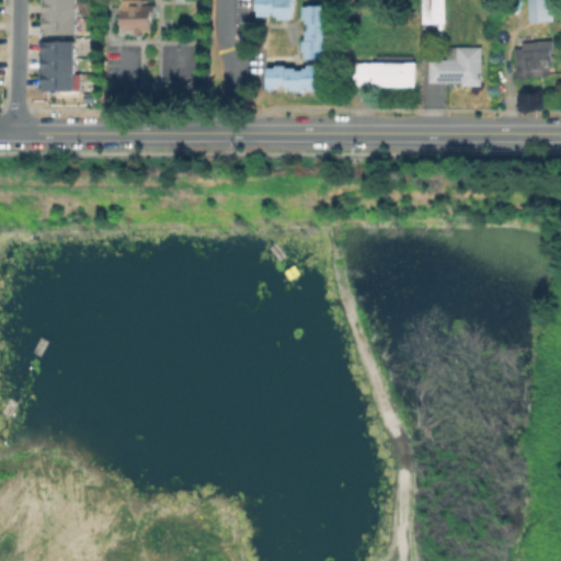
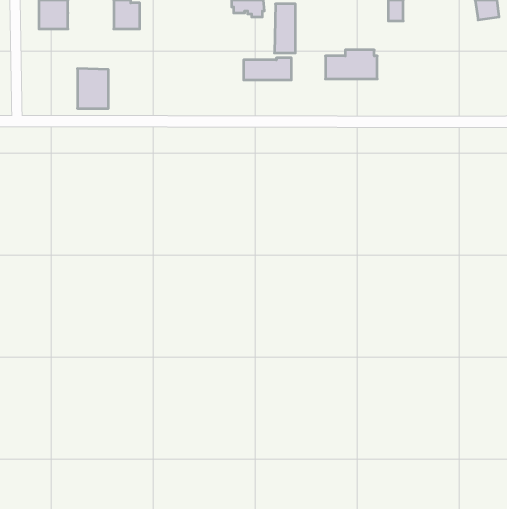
building: [512,39,550,82] -> none
building: [44,46,78,90] -> [77,69,108,108]
building: [427,47,480,87] -> none

